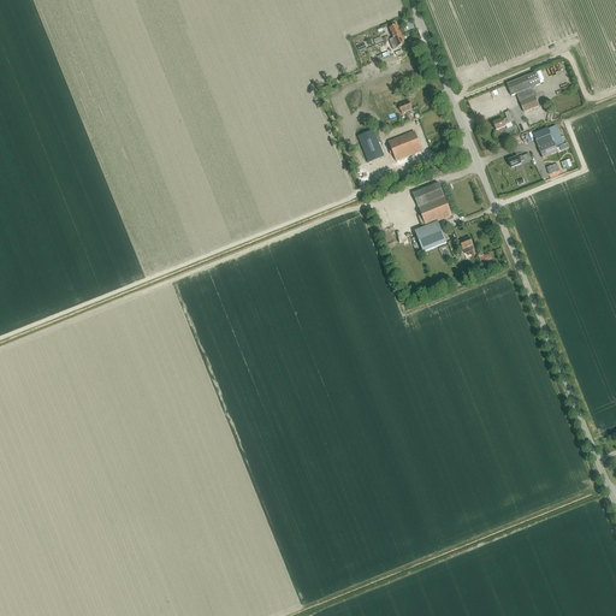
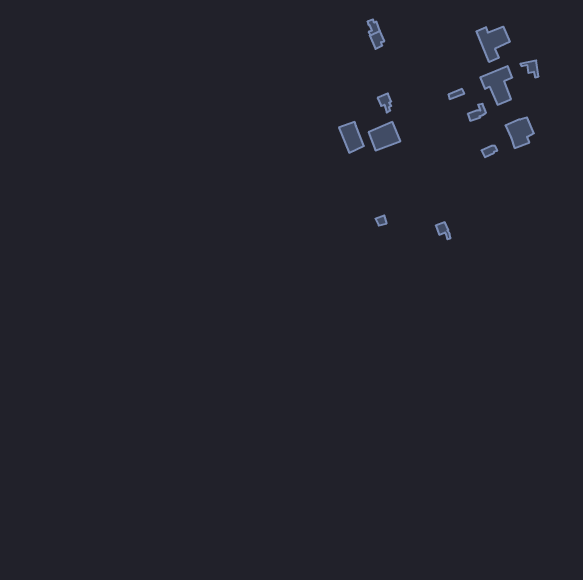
building: none -> [476,27,510,62]
building: [413,180,451,250] -> none

